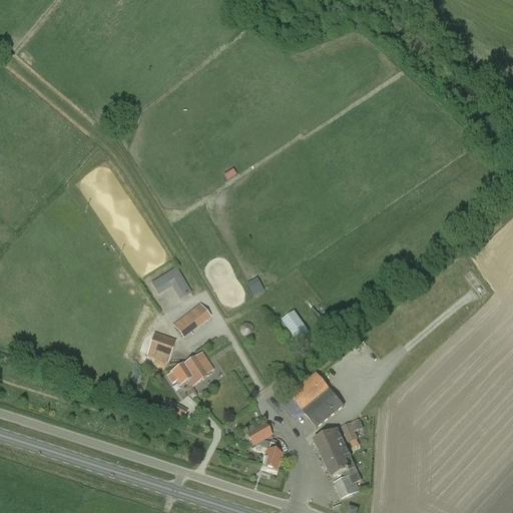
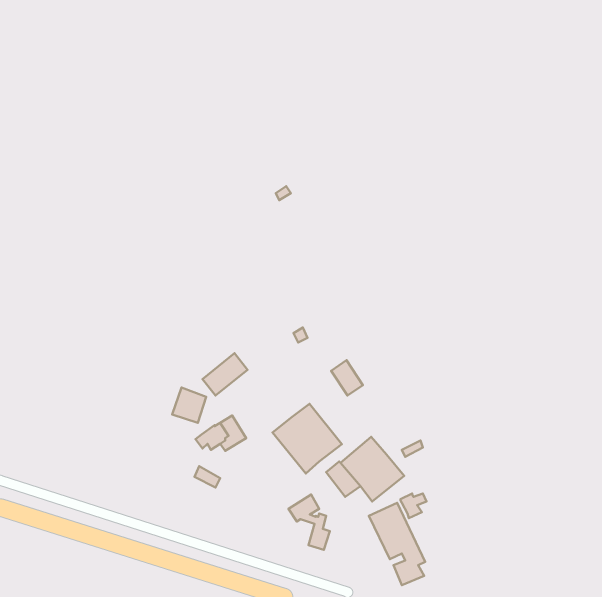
building: [151,265,191,298] -> none
building: none -> [272,404,342,473]

